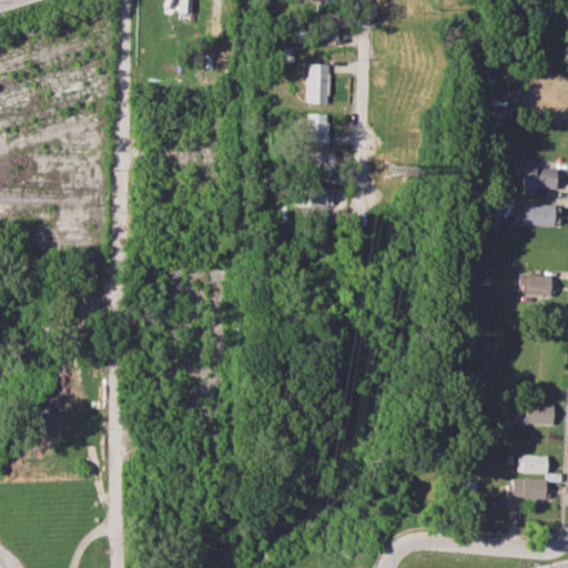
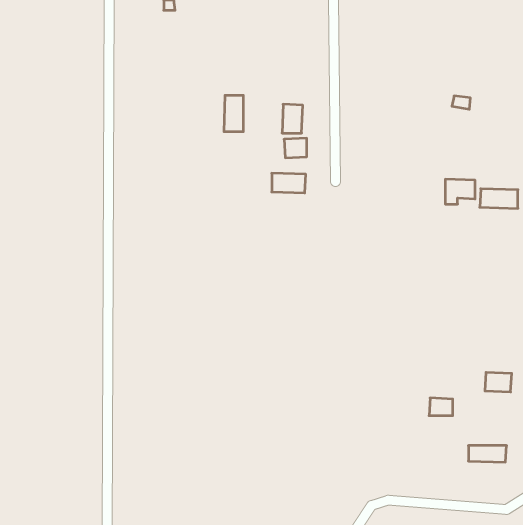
building: [306,65,327,104] -> [224,95,243,132]
building: [525,169,557,195] -> [445,179,475,204]
building: [523,276,552,296] -> none
building: [523,455,548,474] -> [429,398,453,416]

